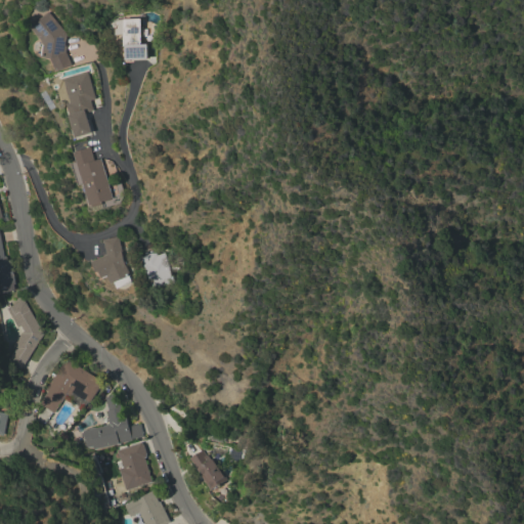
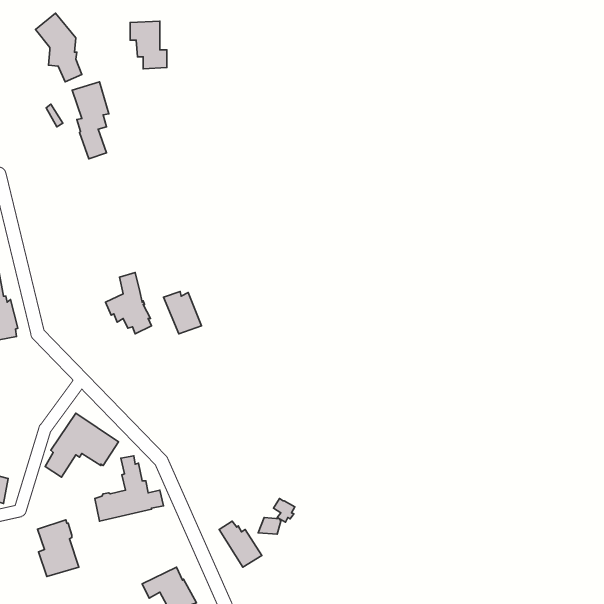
building: [75,147,114,207] -> none
building: [5,299,43,369] -> none
building: [116,442,151,491] -> [37,520,79,577]

